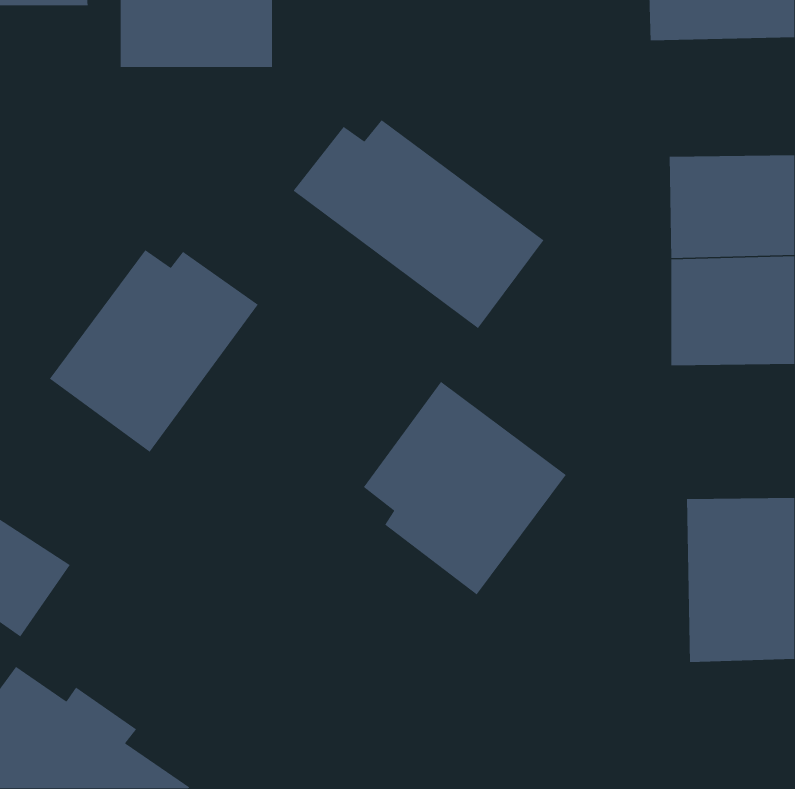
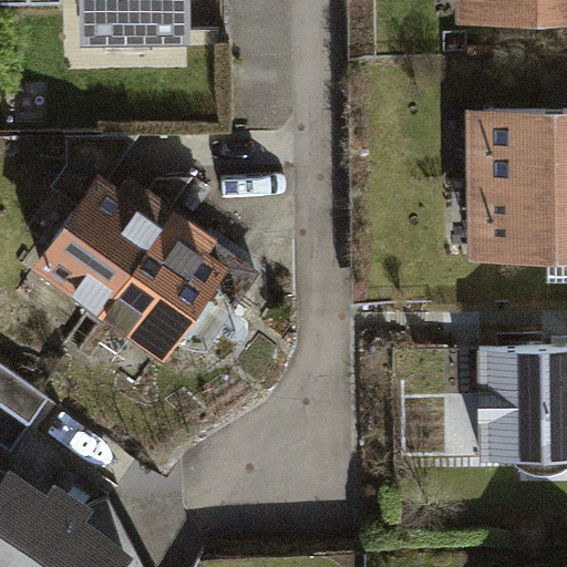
building: [292,119,545,329] -> none
building: none -> [105,214,260,365]
building: [363,381,567,596] -> none

